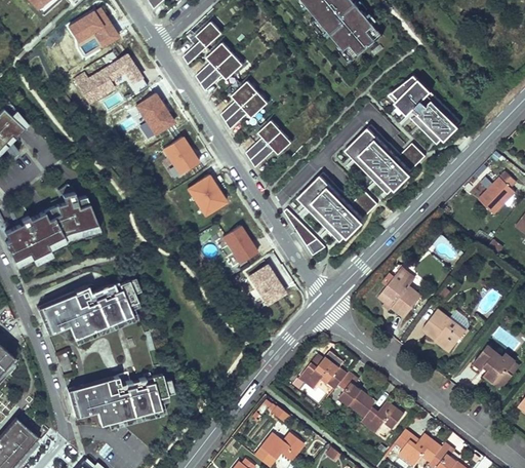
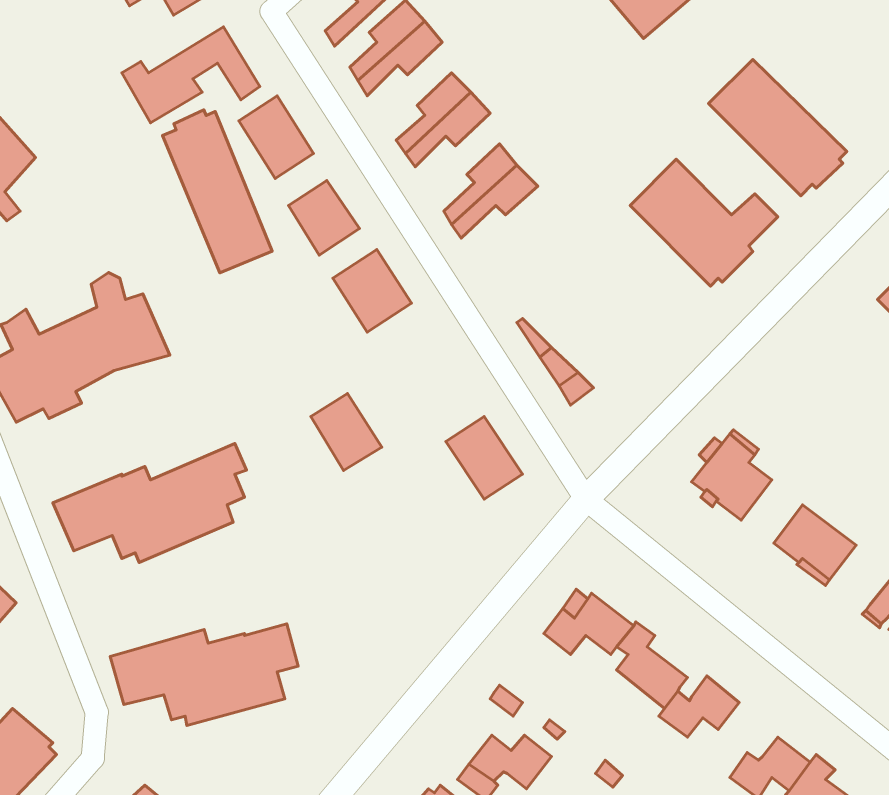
building: none -> [162,110,272,273]
building: [296,172,376,241] -> none
building: [221,224,259,265] -> [311,394,382,470]

